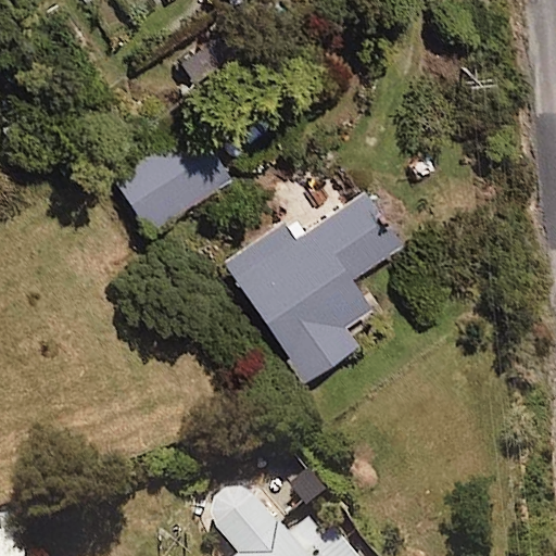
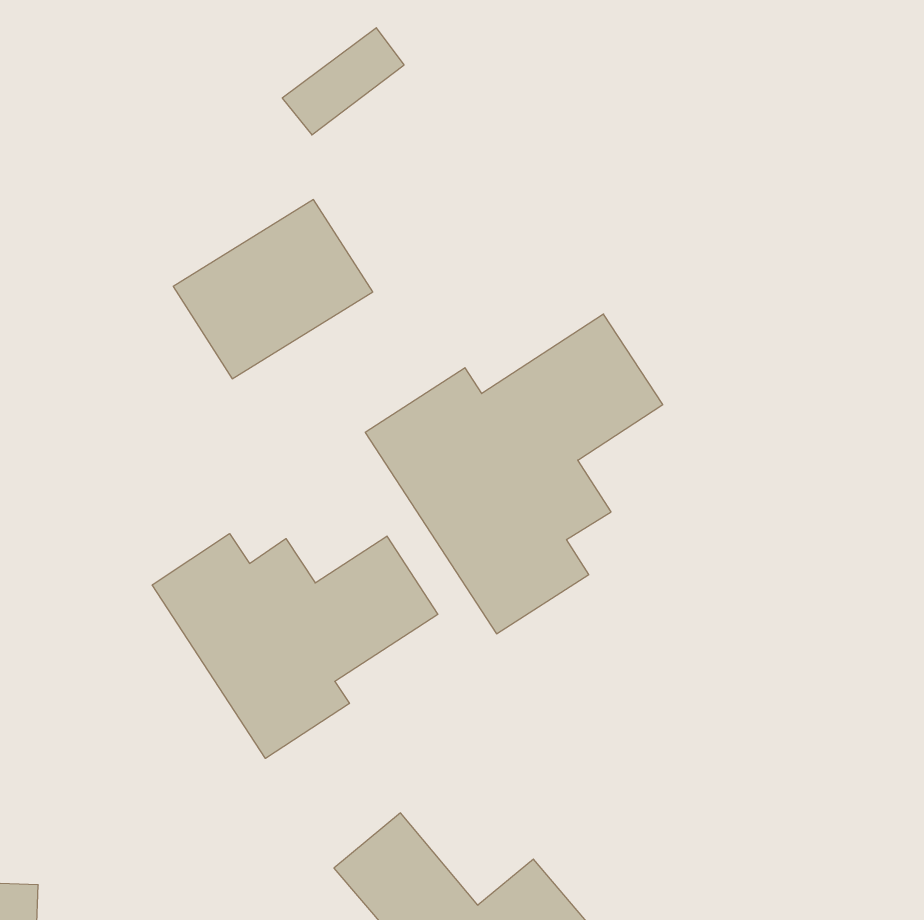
building: none -> [152,534,438,758]

